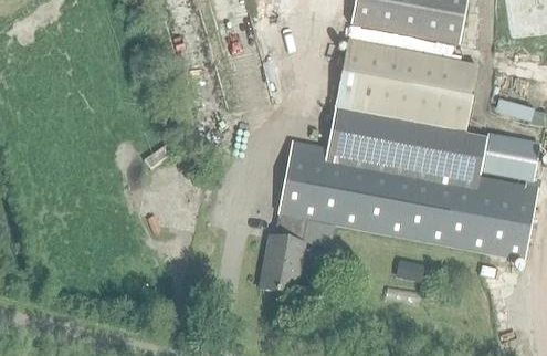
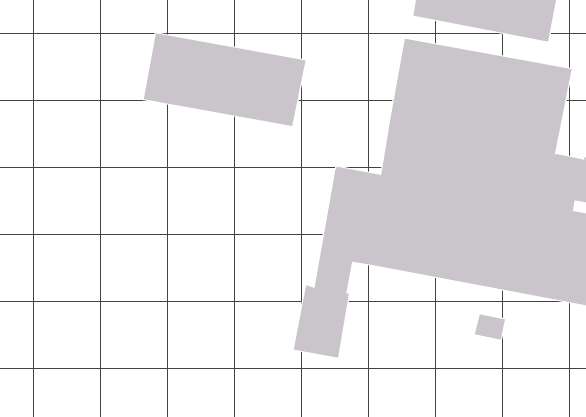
building: none -> [143,32,306,127]

